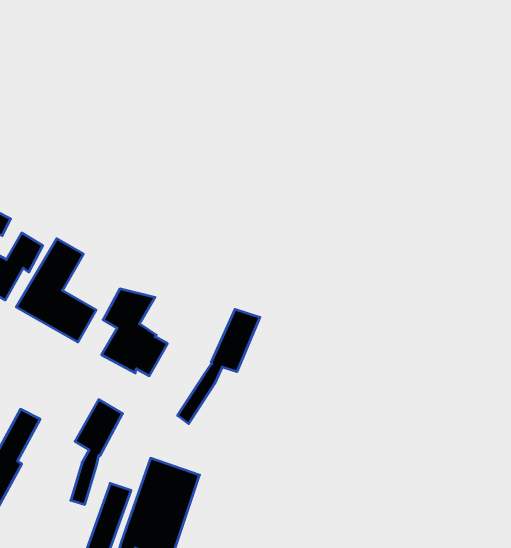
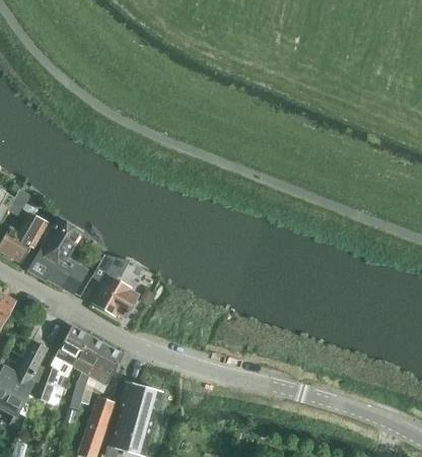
building: [178,309,260,424] -> none
building: none -> [34,327,89,404]
building: none -> [90,346,124,386]

